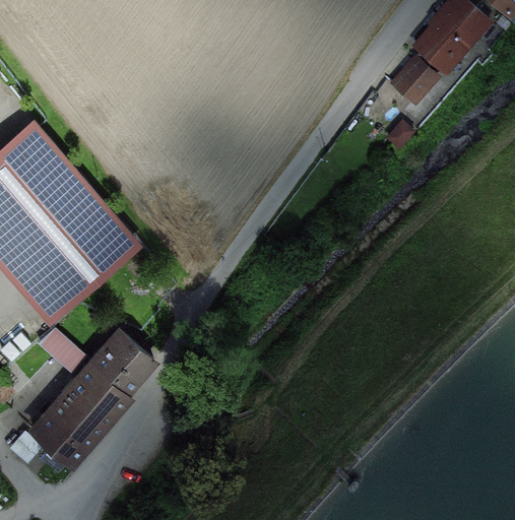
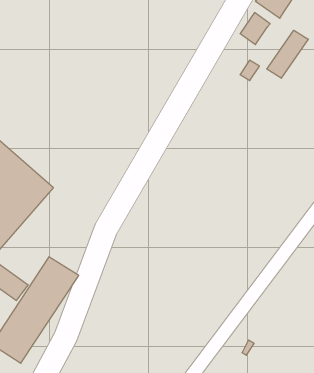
building: none -> [267,30,308,78]

